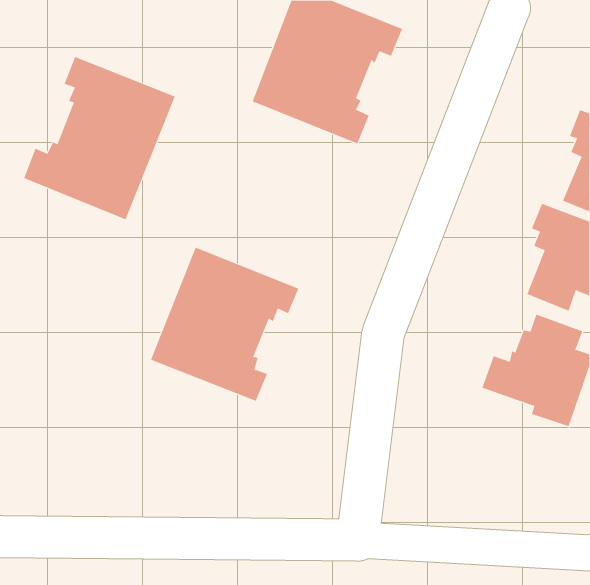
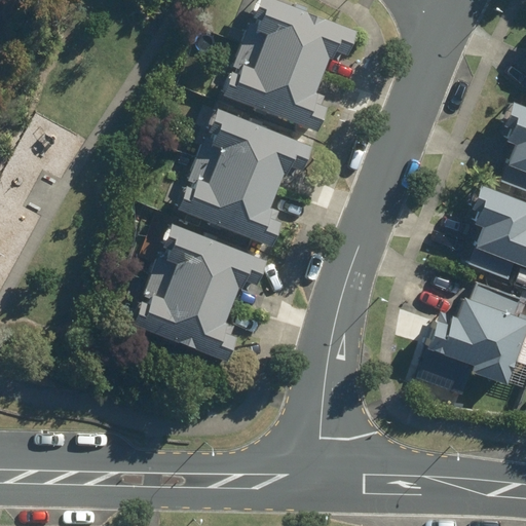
building: [23,56,176,220] -> none
building: none -> [180,106,313,248]

